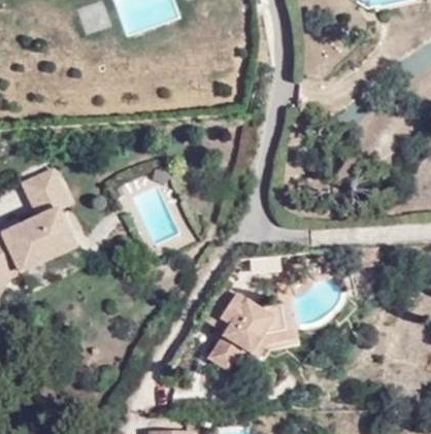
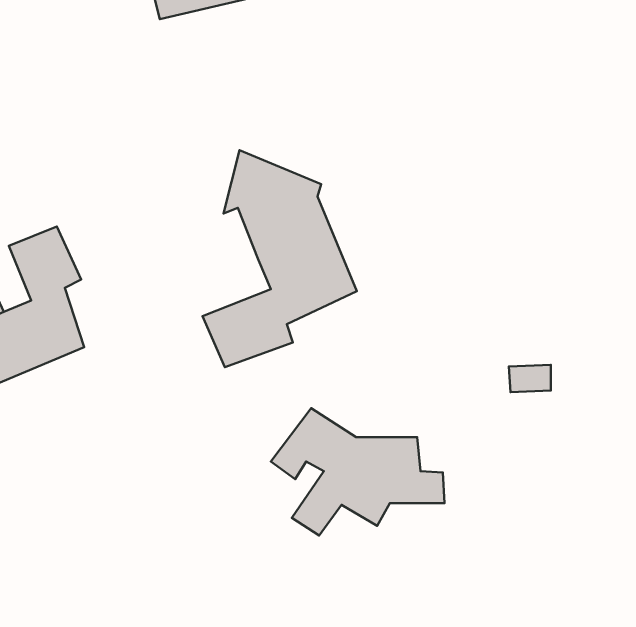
building: none -> [203,150,357,367]

